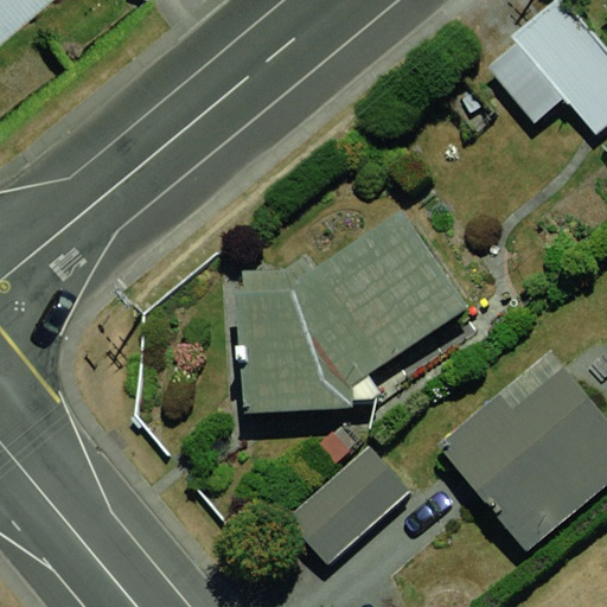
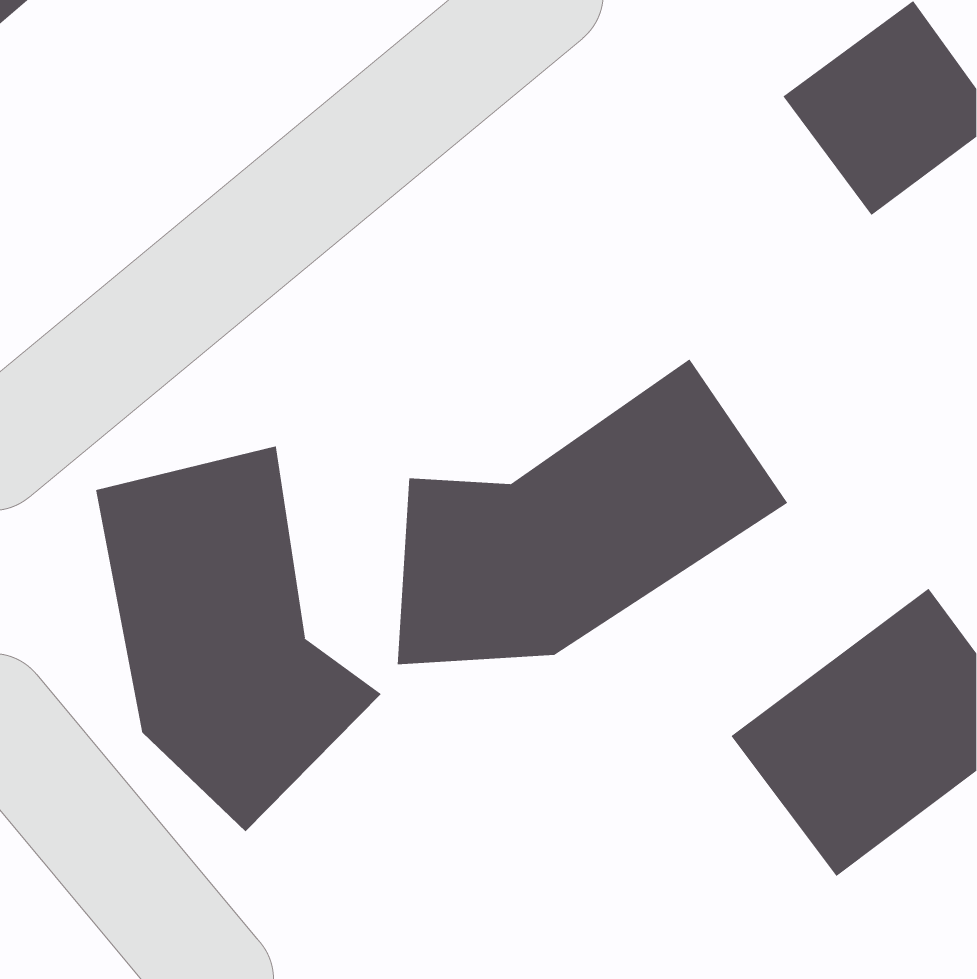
building: none -> [95,445,382,832]
building: [268,447,401,562] -> none

